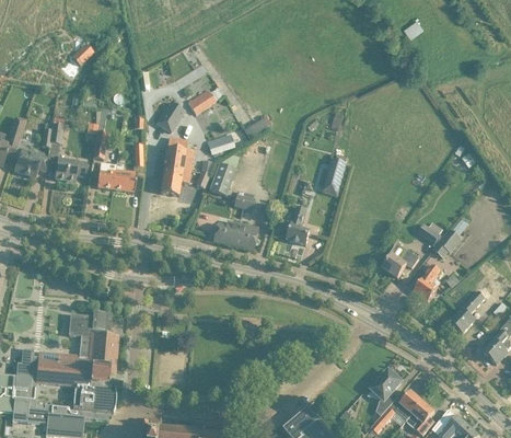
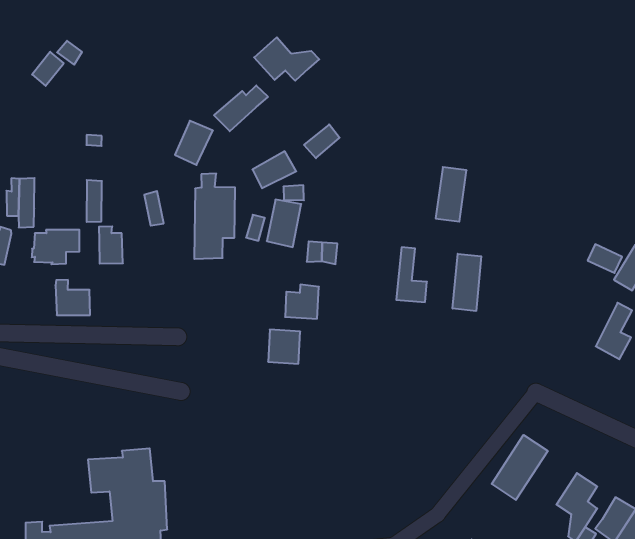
building: none -> [254,37,319,81]
building: [112,165,136,192] -> [55,280,90,315]
building: none -> [453,254,481,311]
building: [233,223,257,249] -> [268,330,300,364]
building: [382,249,418,277] -> none
building: none -> [492,435,548,500]

